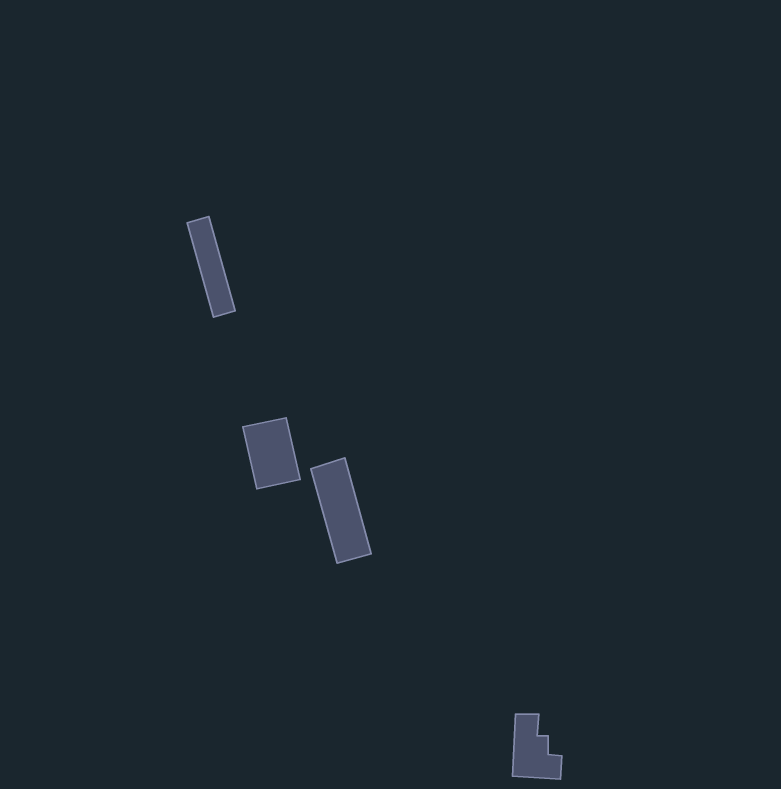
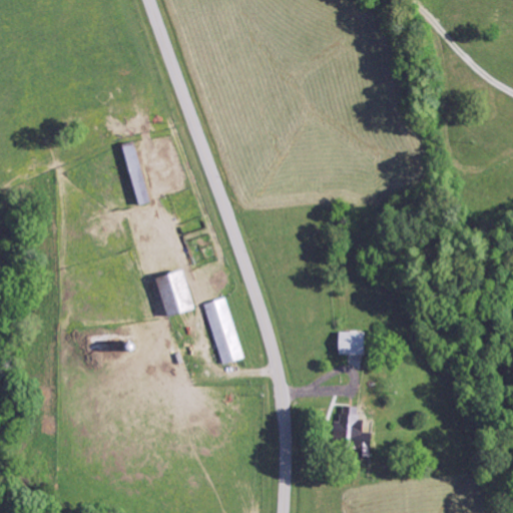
building: none -> [339,331,366,354]
building: [512,714,562,779] -> [339,406,371,448]

